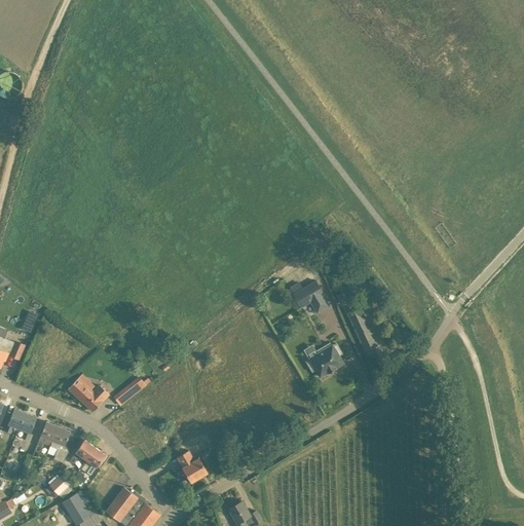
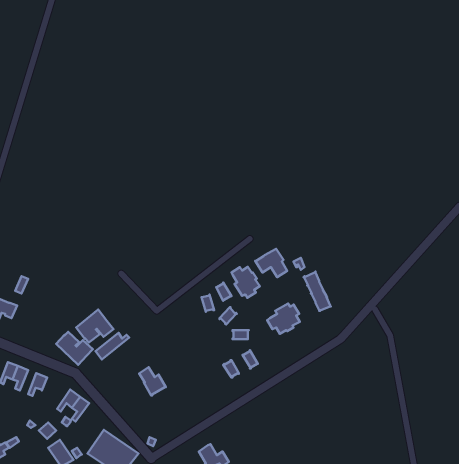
building: none -> [231,267,260,298]
building: none -> [76,310,114,343]
building: [48,426,70,462] -> none
building: [177,451,207,483] -> [139,367,166,395]

